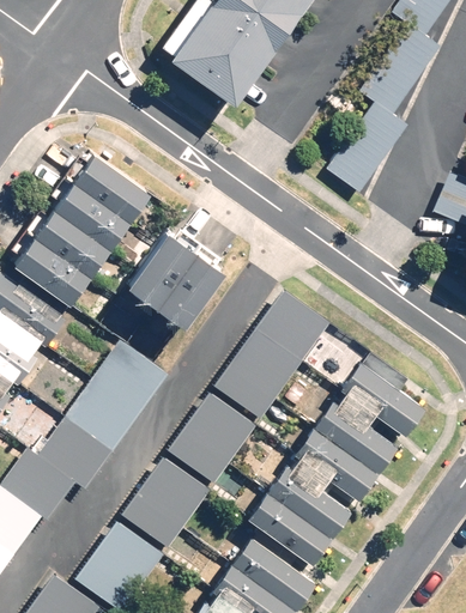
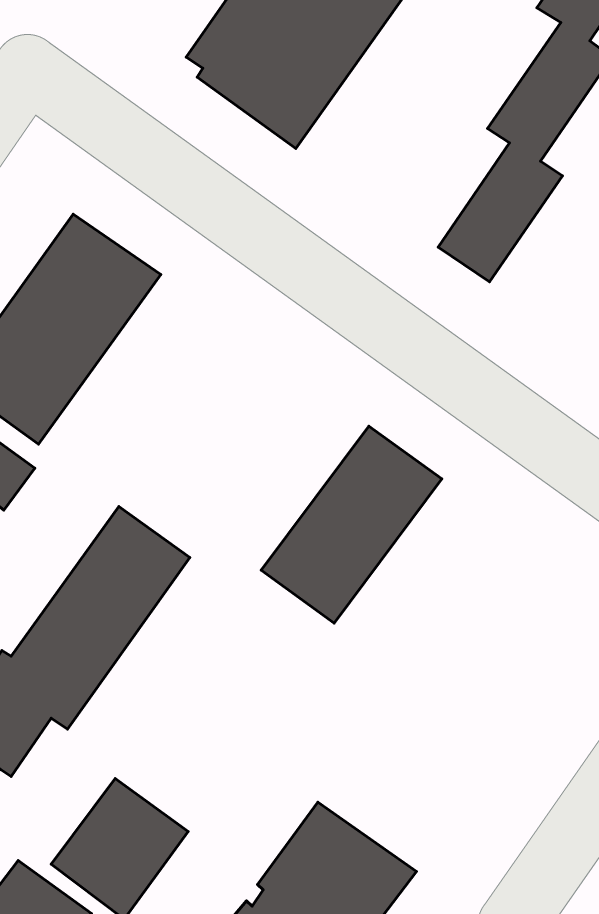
building: [123,230,220,326] -> none
building: [246,353,424,565] -> none
building: [167,394,256,486] -> none
building: [120,457,211,551] -> none

